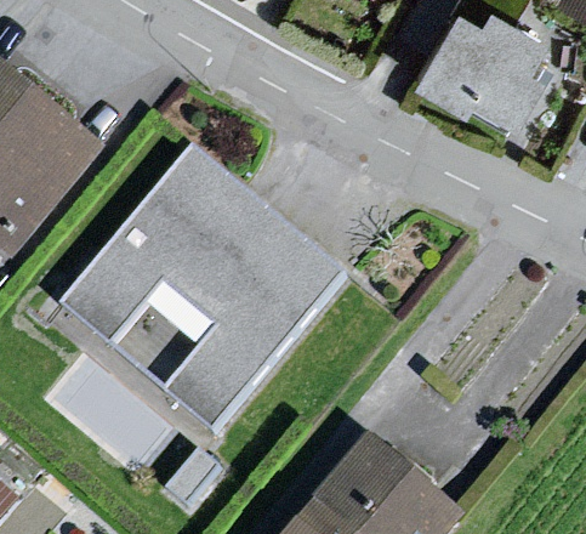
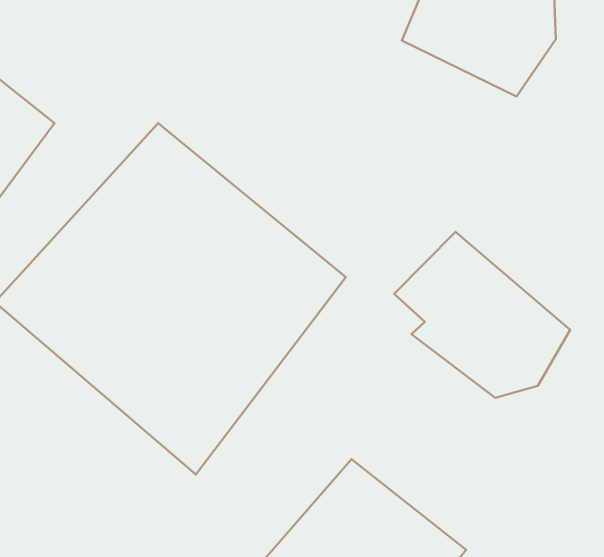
building: none -> [394,232,570,398]

